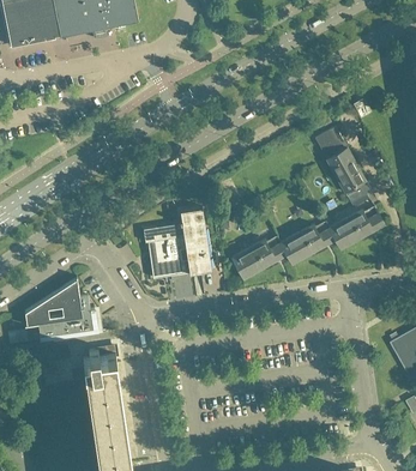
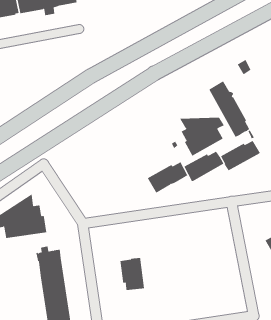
building: none -> [179,117,225,156]
building: [141,210,210,280] -> none
building: none -> [120,257,145,291]

